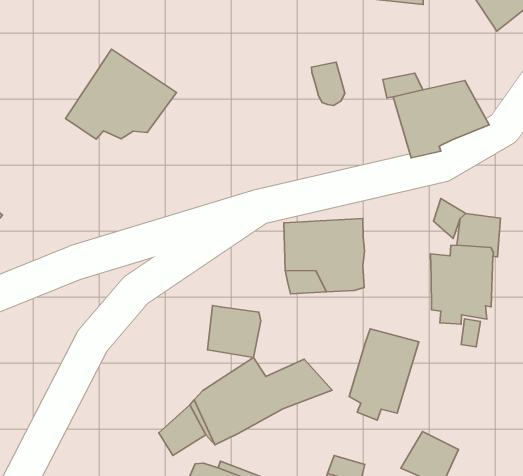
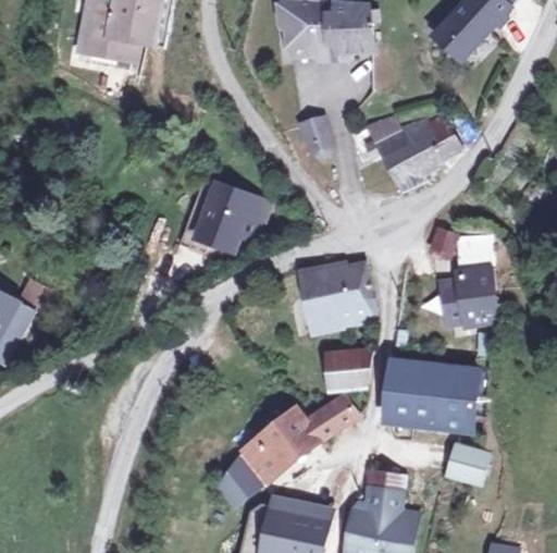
building: [65,49,177,139] -> [178,172,276,257]
building: [207,306,261,358] -> [324,348,371,391]
building: none -> [429,360,485,435]

